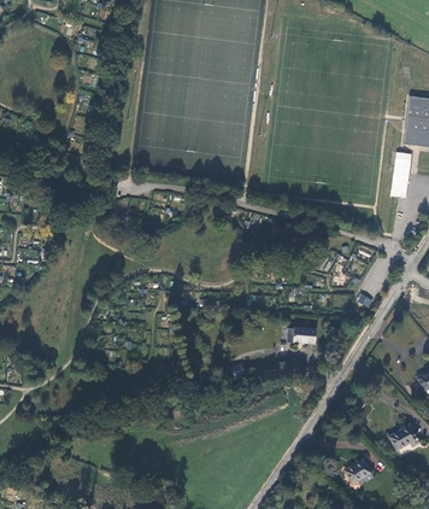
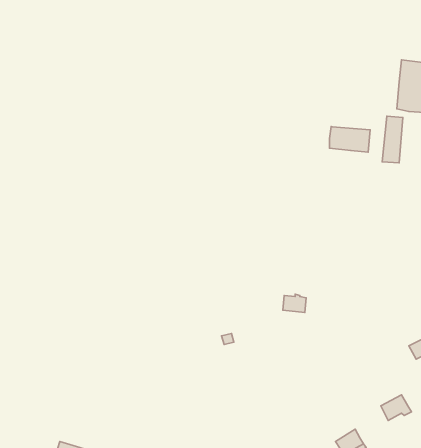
building: none -> [330,127,370,152]

